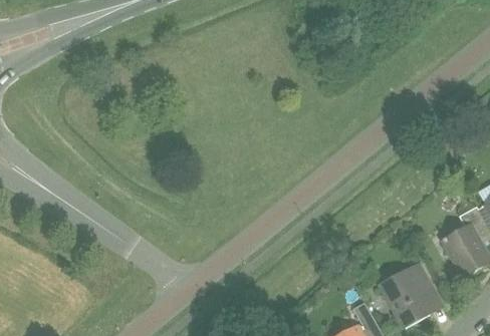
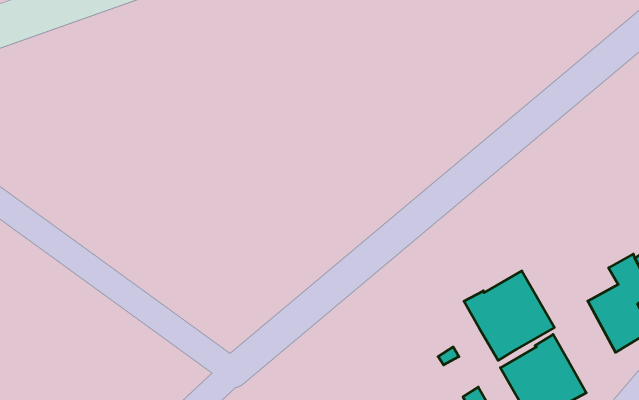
building: none -> [464,271,554,360]

